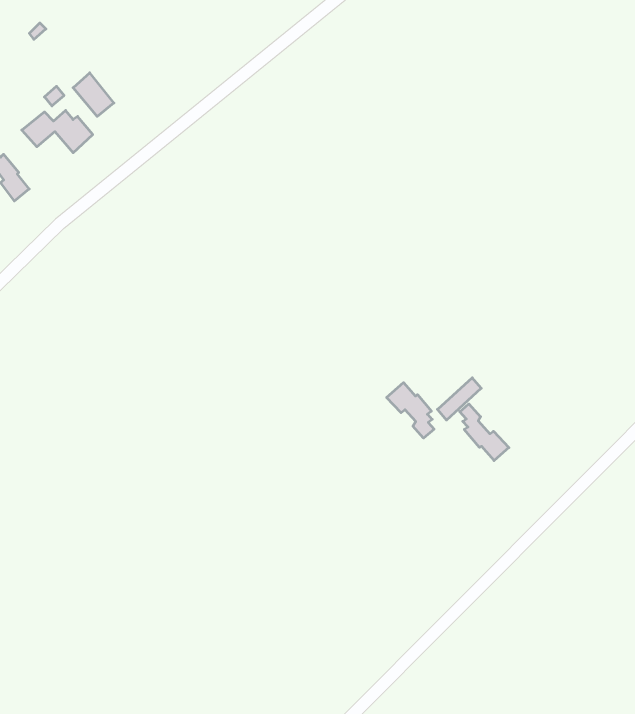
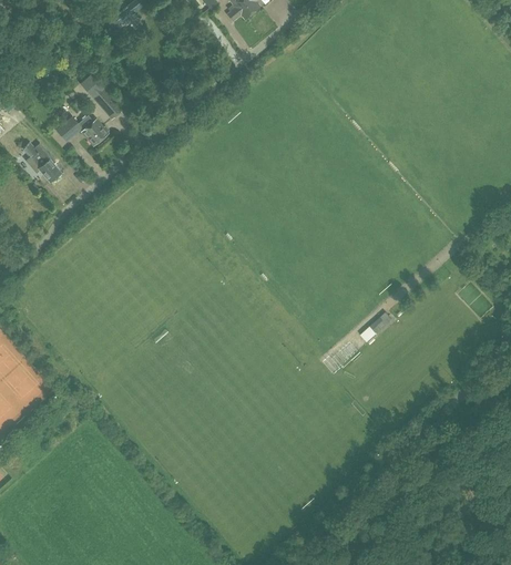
building: [387,383,434,438] -> none
building: [460,404,509,461] -> none

